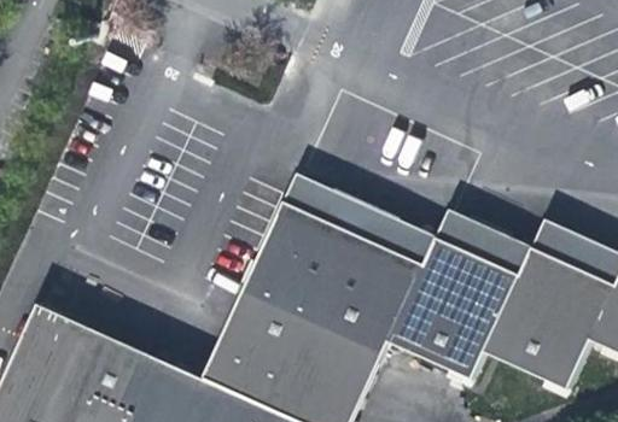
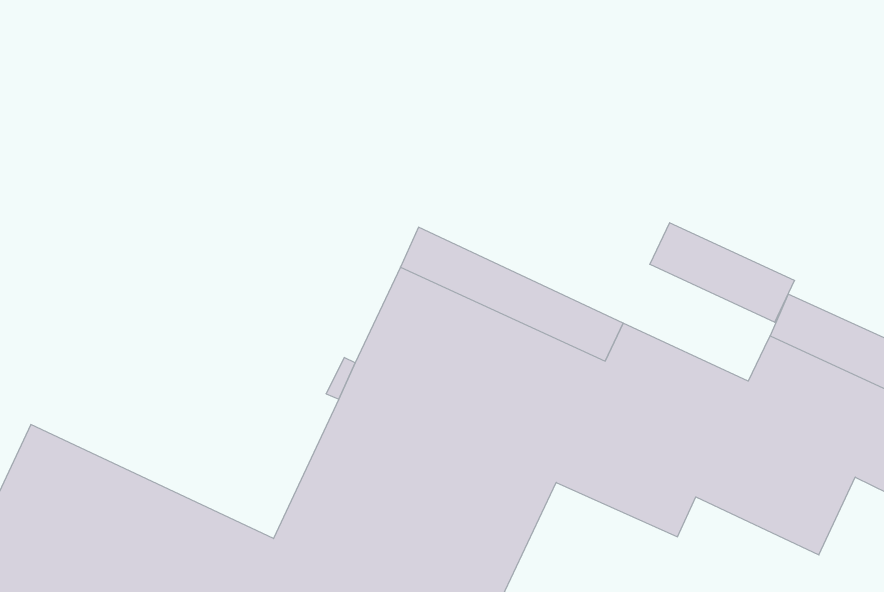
building: [435,209,531,275] -> [650,223,795,322]

